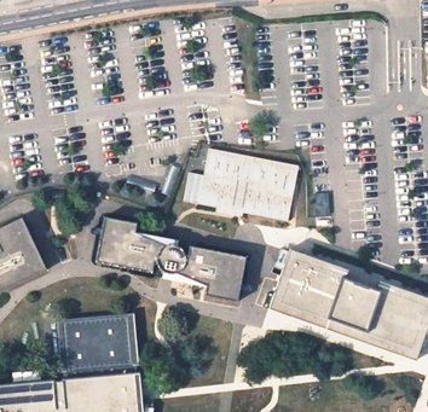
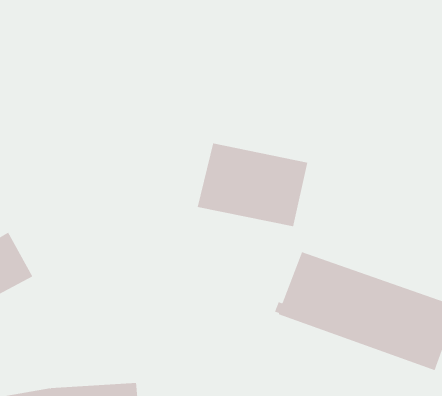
building: [96,217,247,303] -> none
building: [54,313,139,373] -> none

